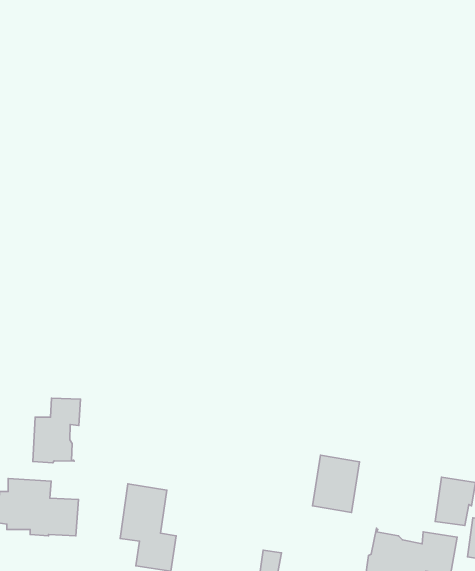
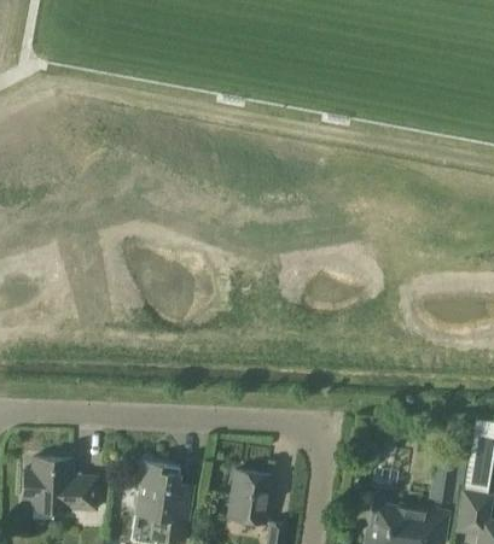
building: [33,398,80,463] -> none
building: [313,455,359,512] -> [227,470,271,523]

